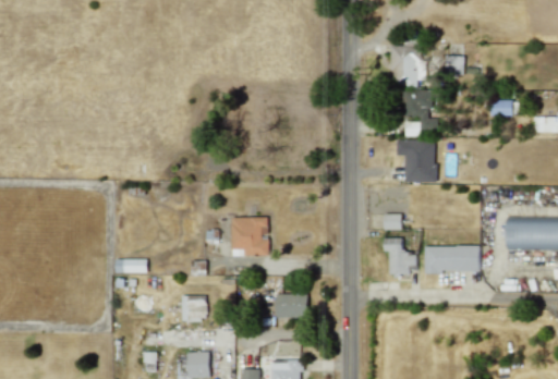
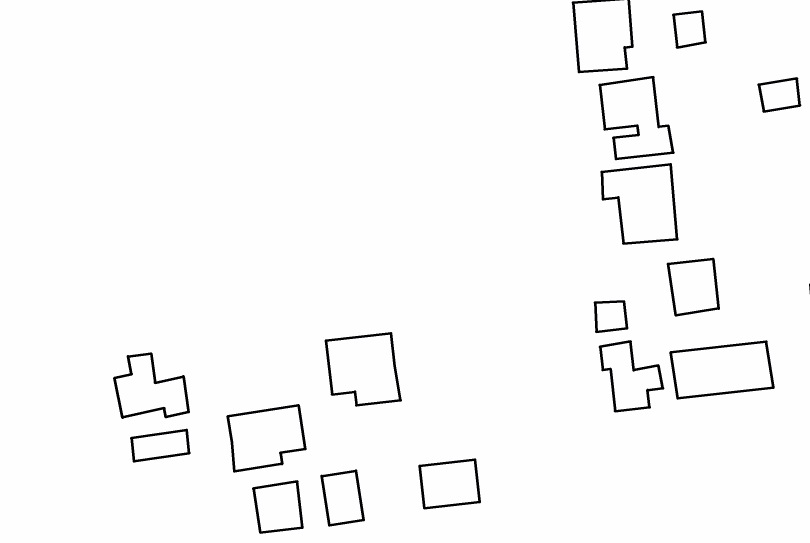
building: none -> [668,259,719,315]
building: none -> [115,354,189,418]
building: none -> [228,405,305,471]
building: none -> [322,471,364,525]

